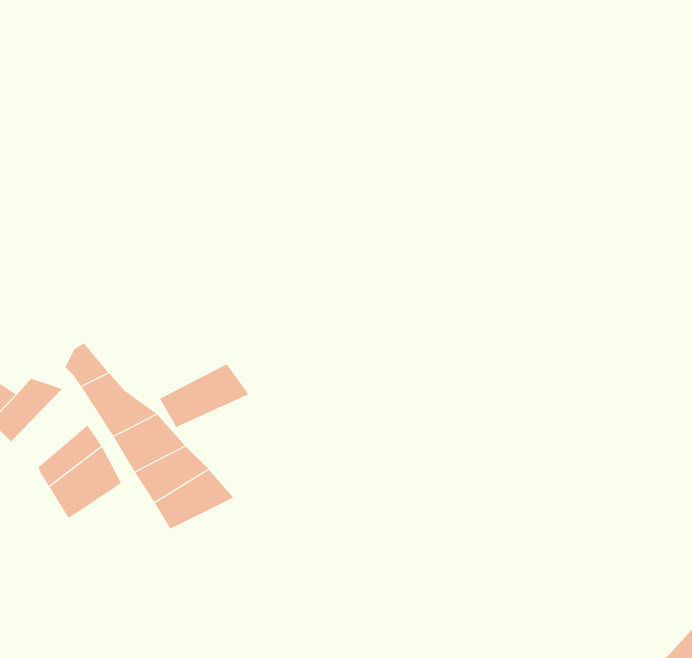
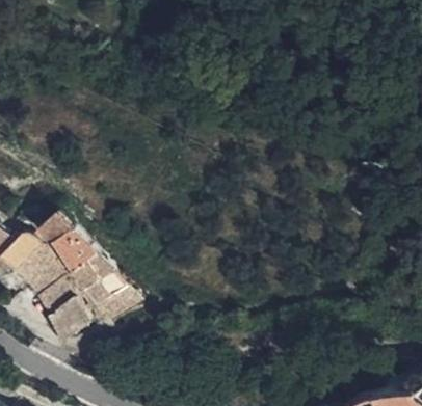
building: [159,363,249,428] -> none
building: none -> [11,234,56,279]
building: none -> [45,289,88,335]

